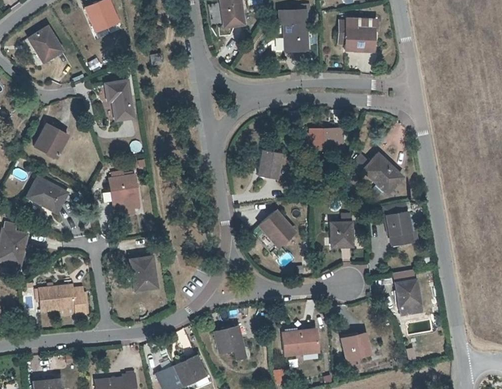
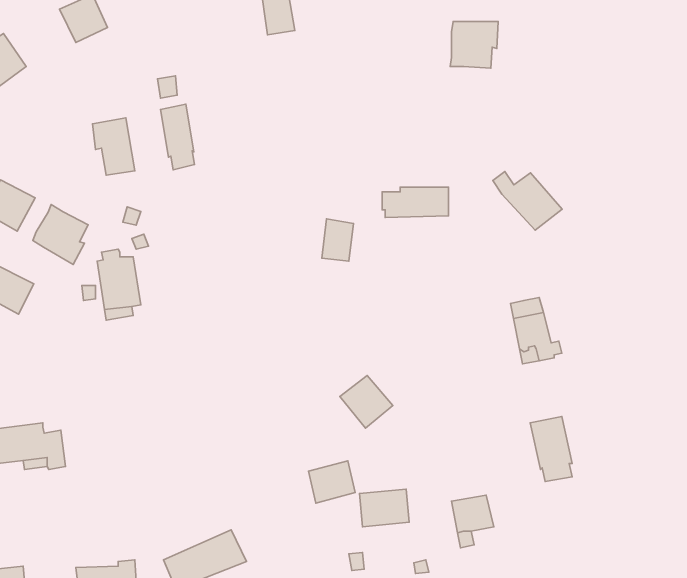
building: [278,9,306,51] -> none
building: none -> [161,104,195,170]
building: none -> [33,204,88,265]
building: [356,153,402,192] -> [493,171,562,230]
building: [261,210,296,245] -> [340,375,393,428]
building: [331,223,353,247] -> none
building: [129,255,157,291] -> none
building: [210,325,241,353] -> [308,461,355,503]

